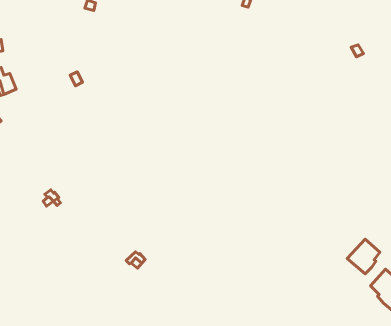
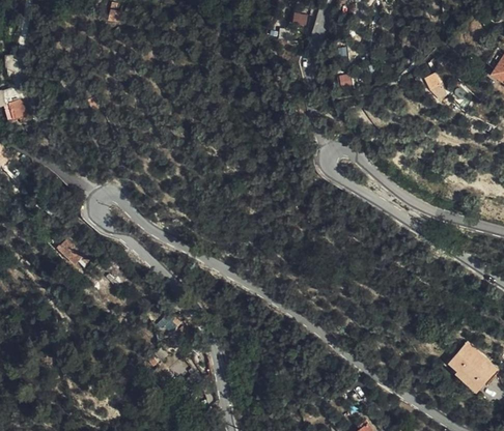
building: [347,239,380,274] -> none

